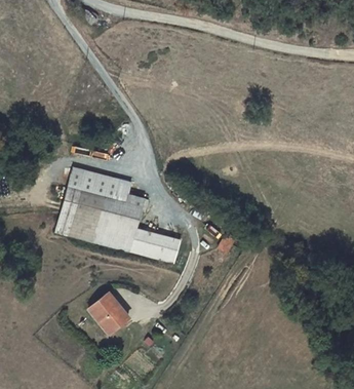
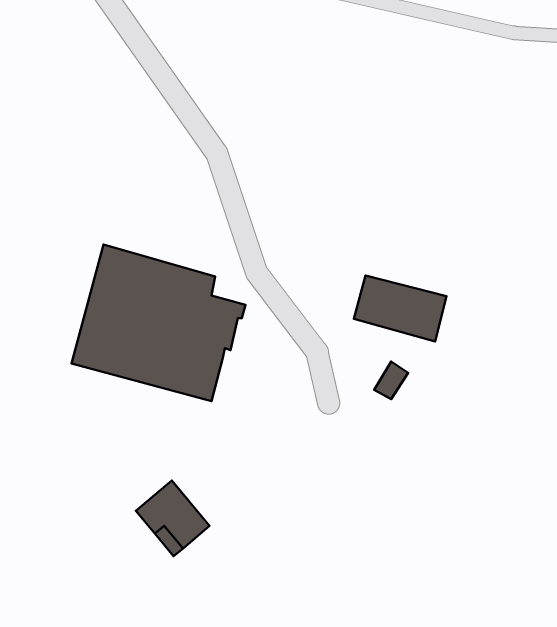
building: [130,228,181,264] -> [354,275,447,342]

